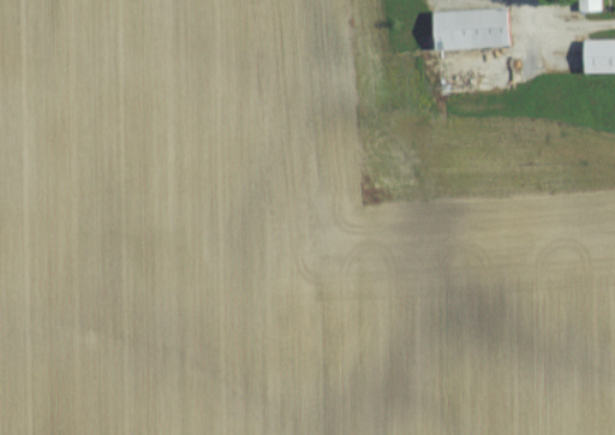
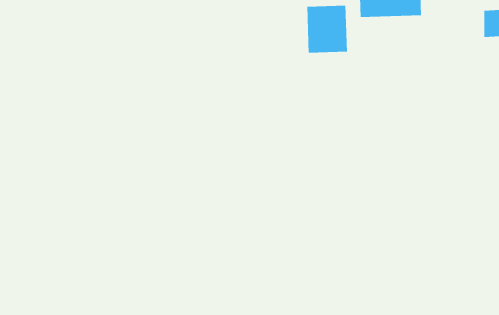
building: none -> [307,5,347,54]

